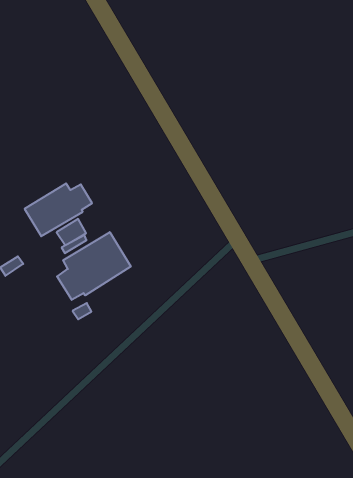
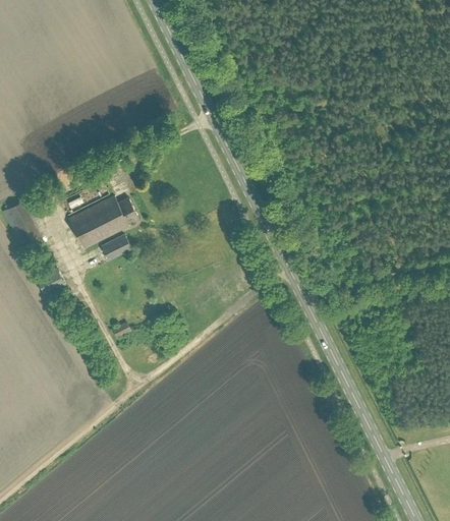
building: [57,232,131,300] -> none

